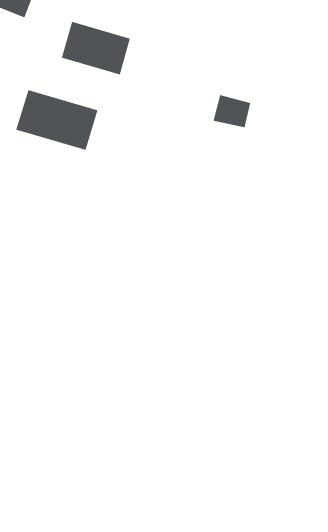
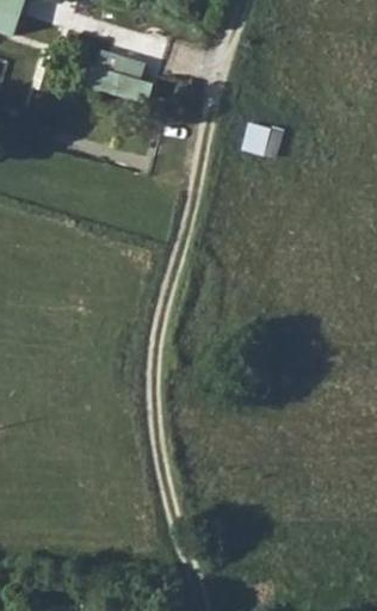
building: [15,89,99,151] -> none

